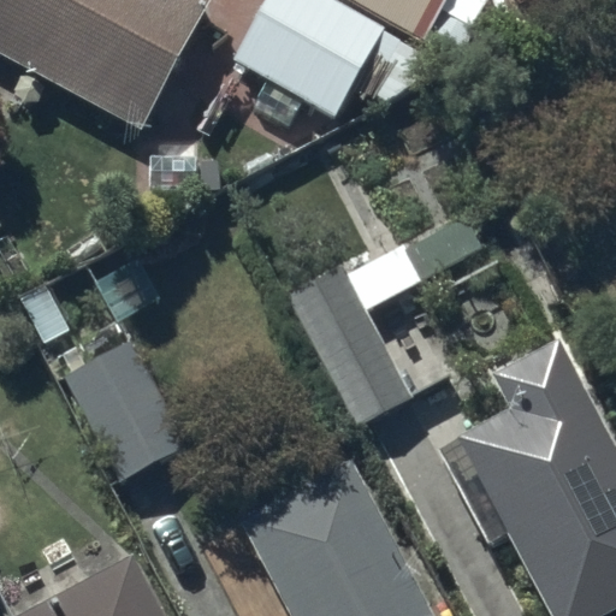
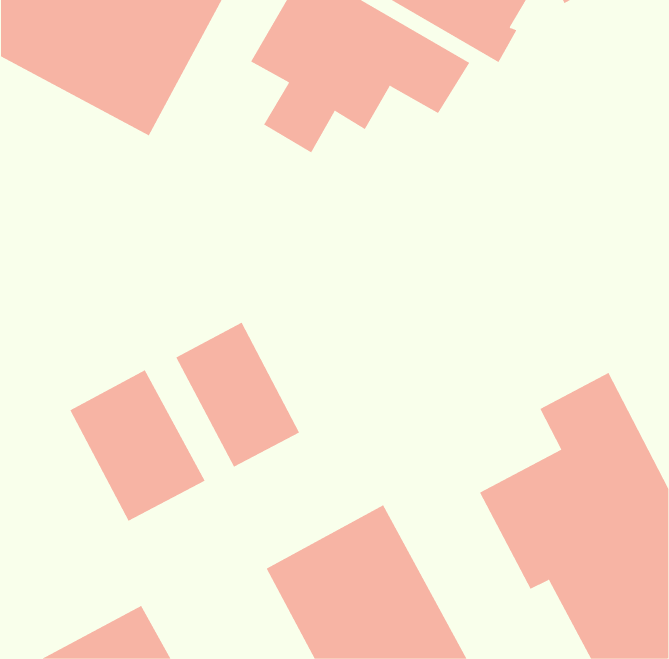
building: [284,213,485,426] -> none
building: none -> [175,322,300,468]

